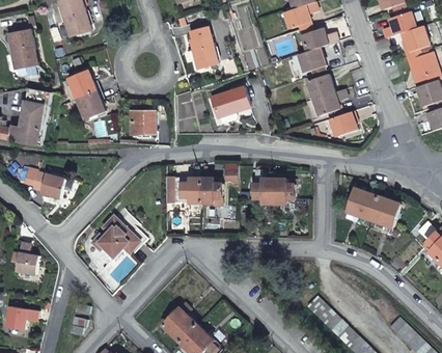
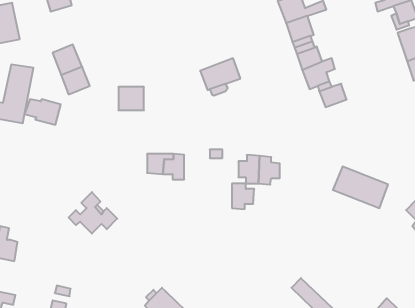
building: [191,35,220,69] -> none
building: [30,170,65,195] -> [25,99,61,125]
building: [199,176,221,201] -> [232,184,254,209]

